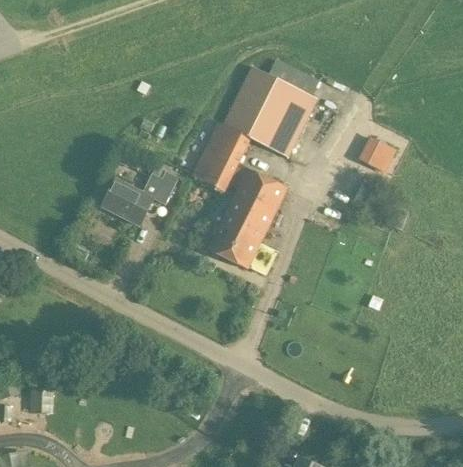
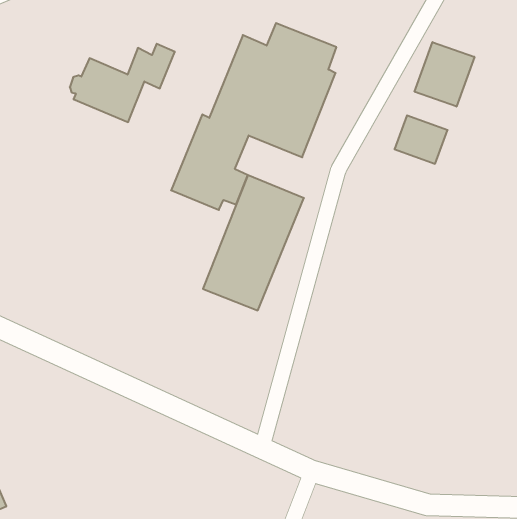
building: none -> [415,42,474,107]
building: [99,171,178,227] -> [70,44,175,122]

